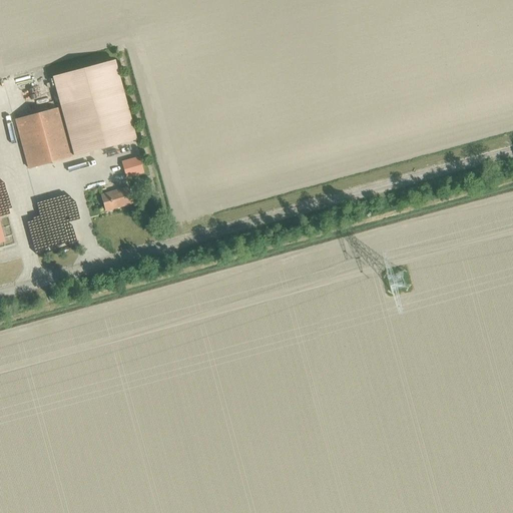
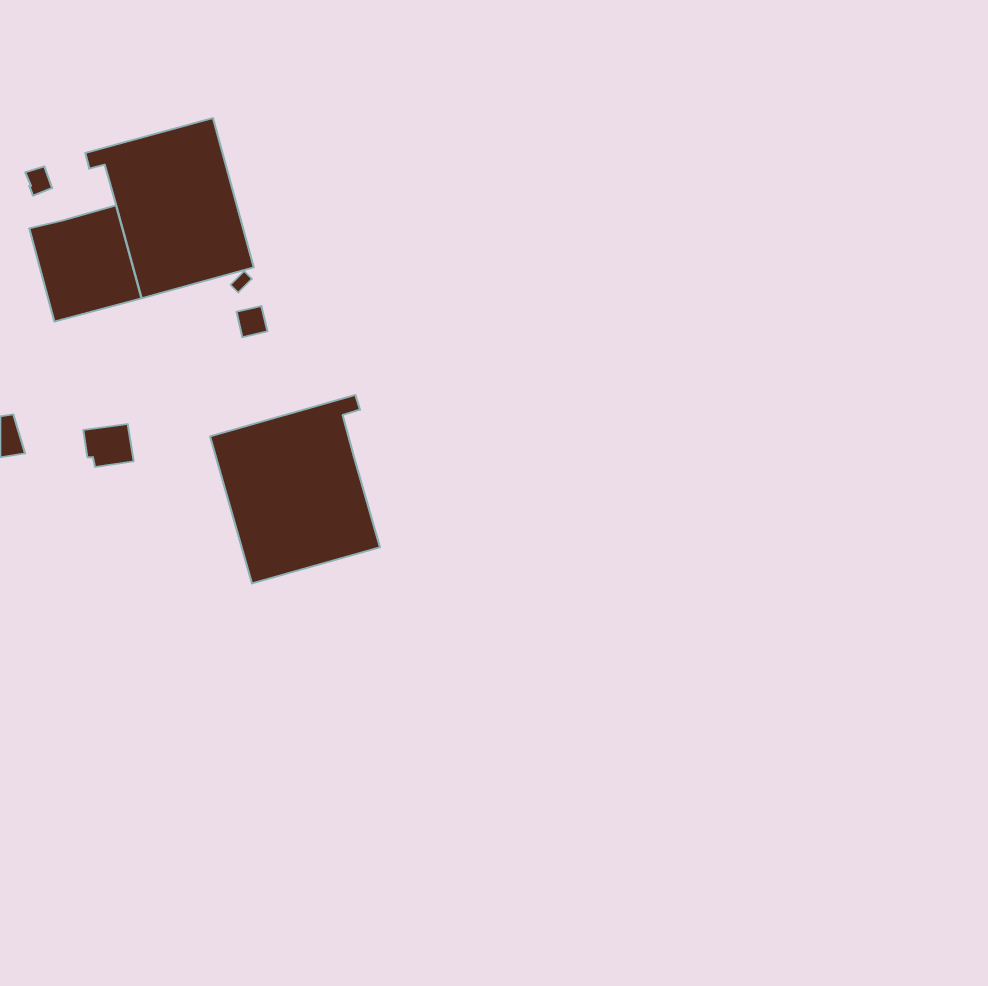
building: [102,185,134,209] -> none
building: none -> [210,395,380,584]

